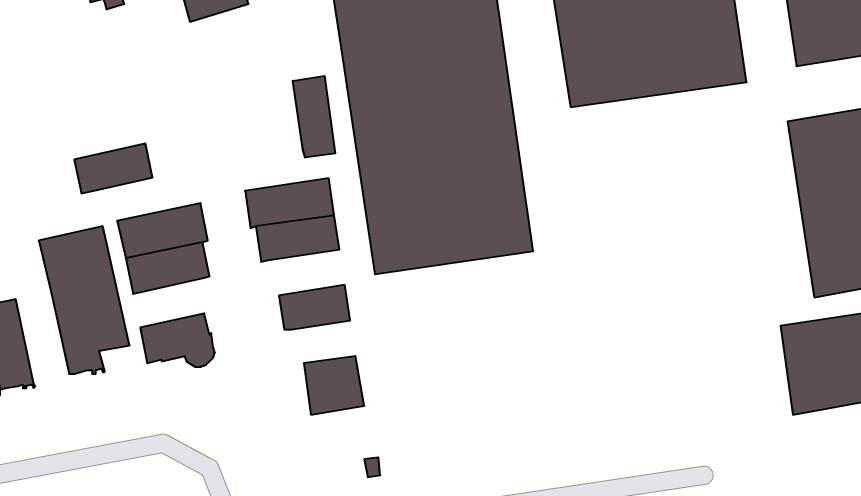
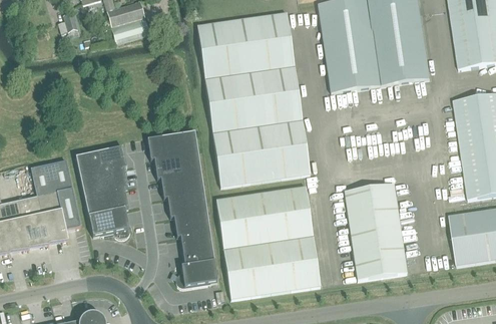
building: [293,76,335,158] -> none
building: [74,144,153,193] -> [84,188,128,216]
building: none -> [160,172,203,198]
building: none -> [344,183,407,280]
building: none -> [215,186,320,298]
building: none -> [18,196,49,247]
building: none -> [173,212,209,237]
building: none -> [175,260,217,287]

